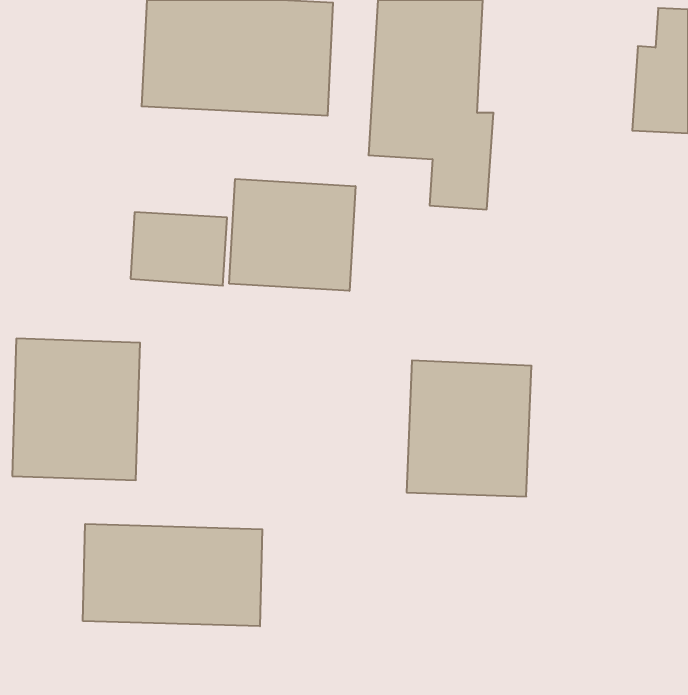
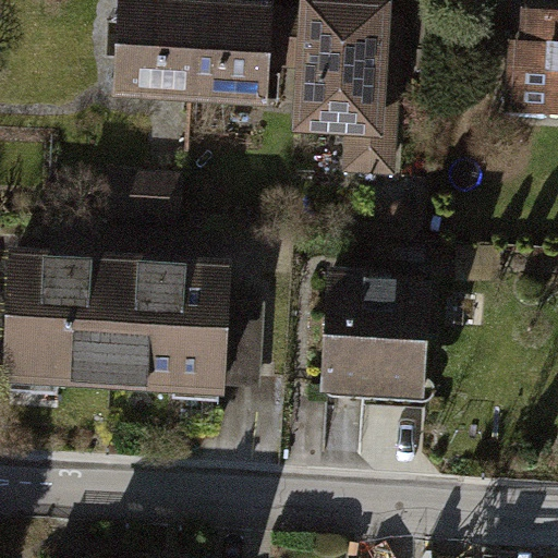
building: [229,179,355,291] -> none
building: none -> [109,275,263,389]
building: [83,524,262,626] -> none

